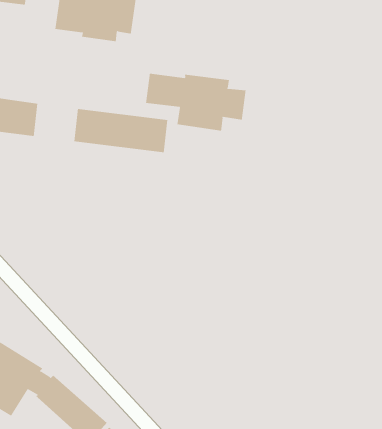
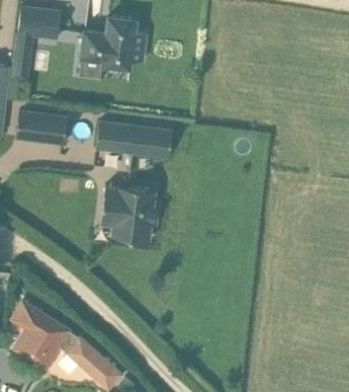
building: [146,73,246,132] -> none
building: none -> [101,186,158,241]

